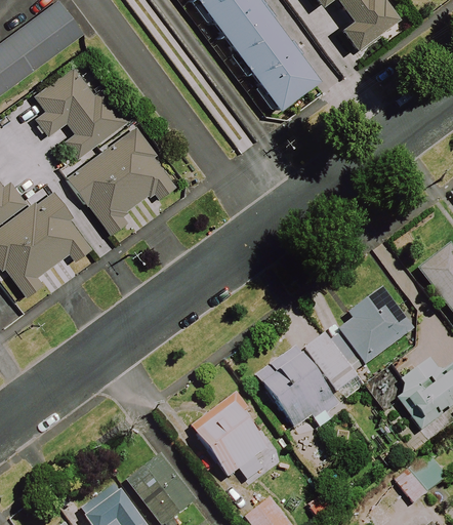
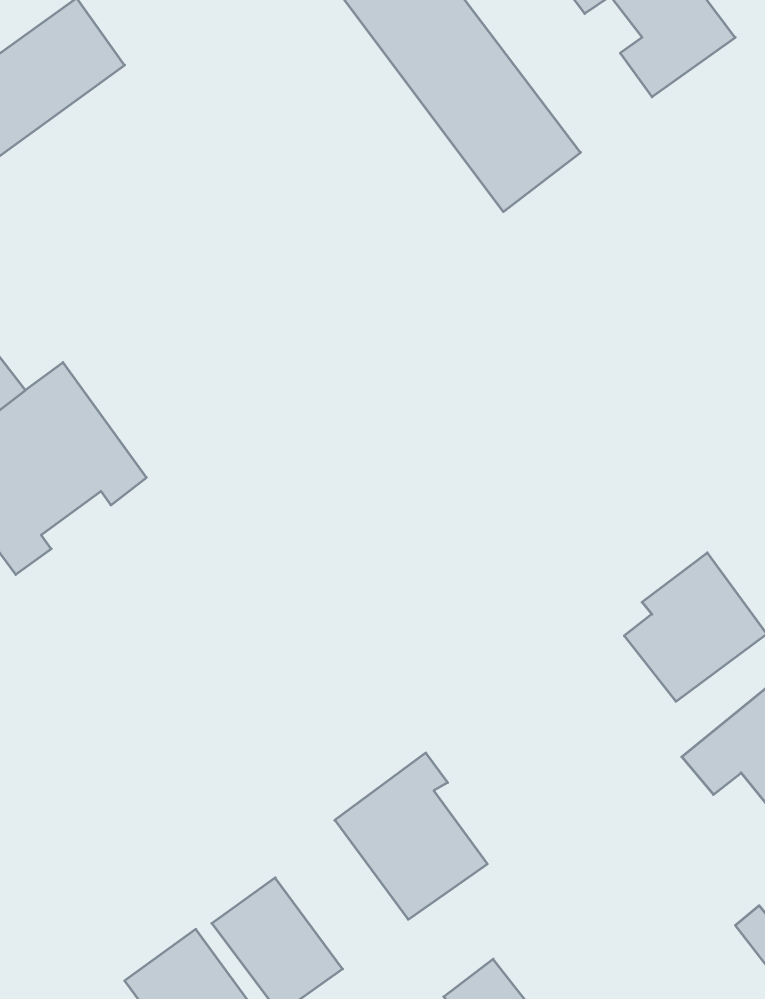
building: [35,69,126,159] -> none
building: [69,127,178,234] -> none
building: [305,330,362,391] -> none
building: [256,346,343,429] -> none

